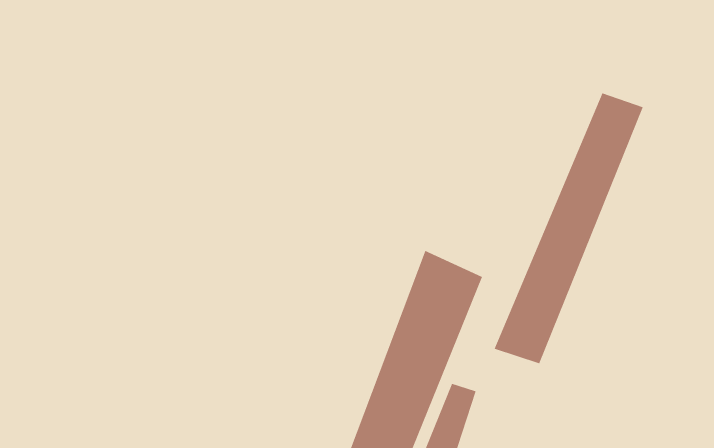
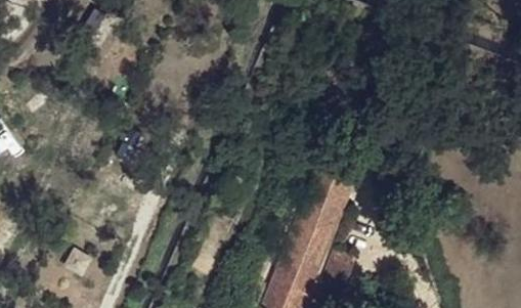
building: [494,92,643,364] -> none

